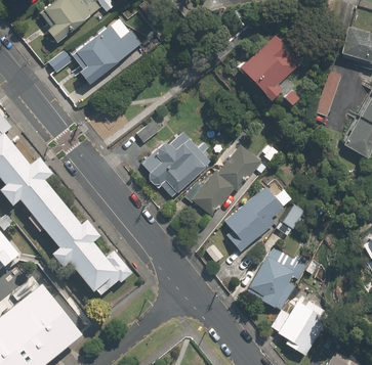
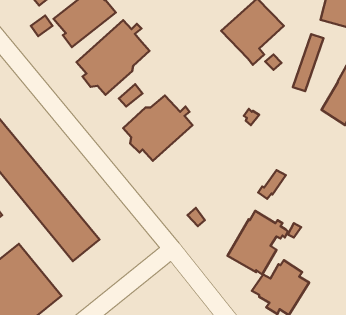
building: none -> [77,20,149,95]
building: [185,143,263,216] -> none
building: [225,185,285,250] -> none

